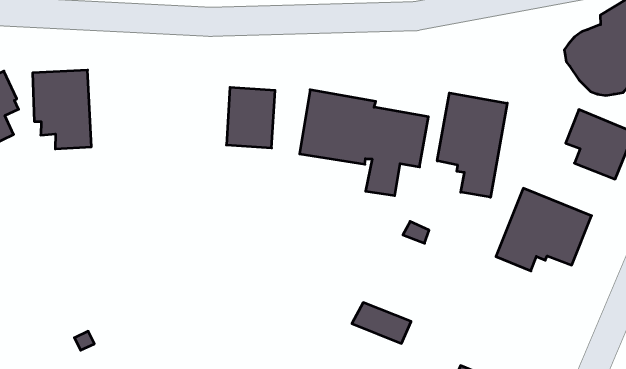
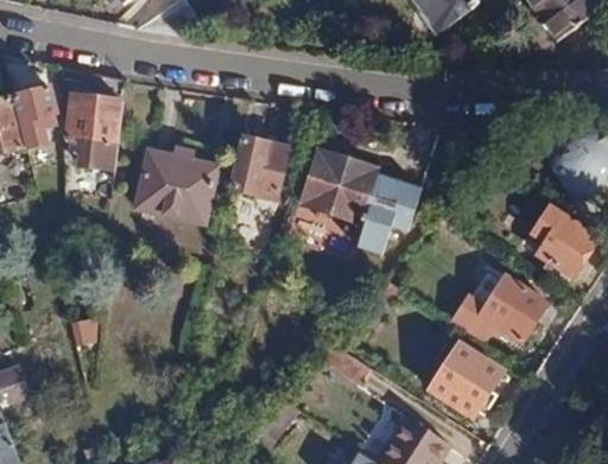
building: [437,93,507,197] -> none
building: none -> [137,153,214,216]
building: none -> [428,343,500,418]

